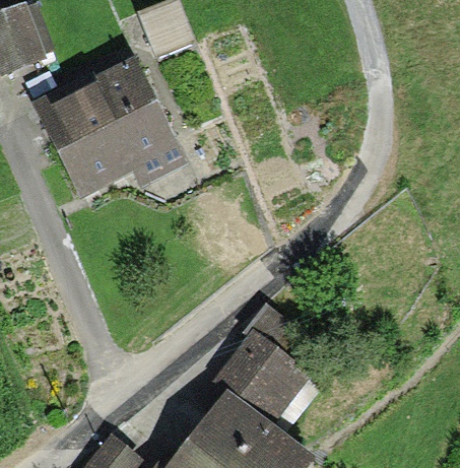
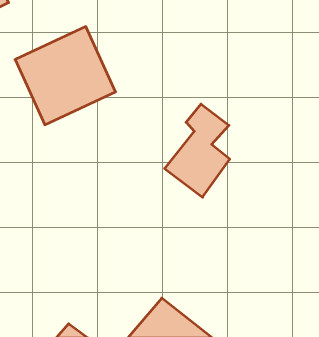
building: [218,292,299,407] -> [165,104,230,197]

